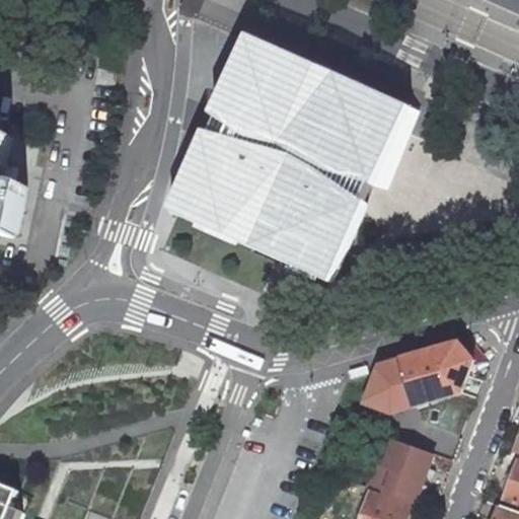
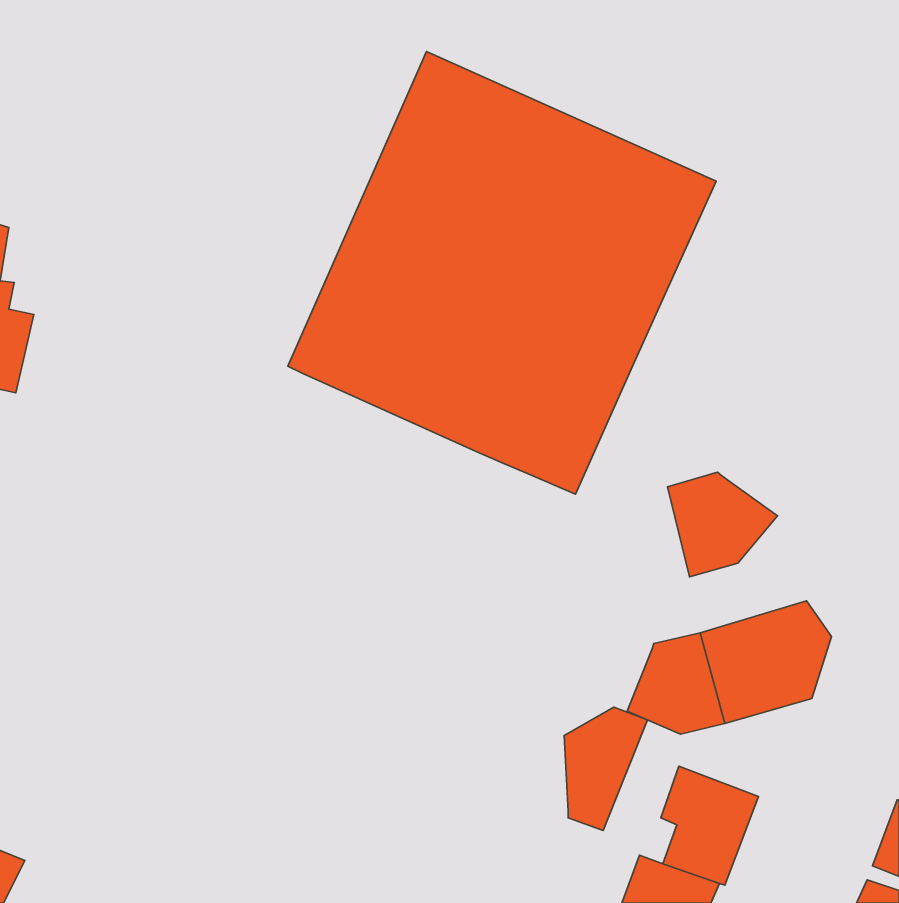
building: none -> [667,472,777,577]
building: none -> [564,707,648,830]

